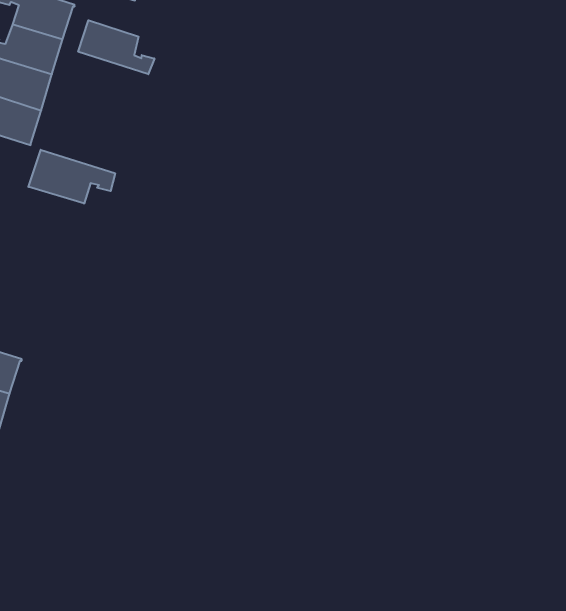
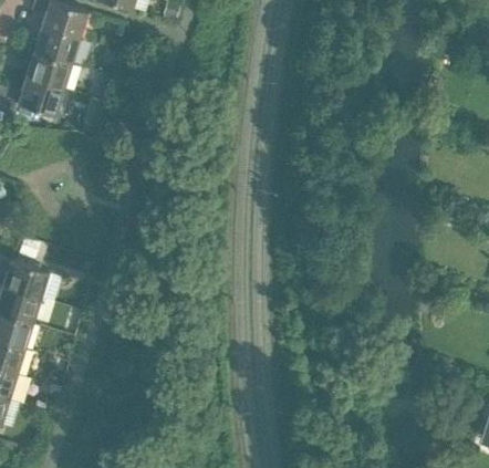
building: [78,20,154,74] -> none
building: [28,150,115,204] -> none

